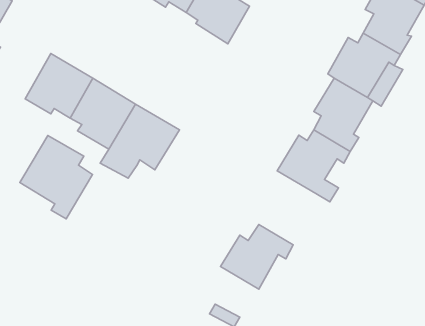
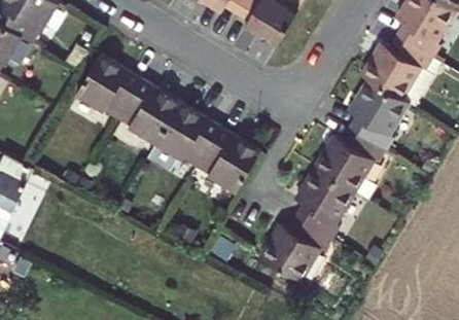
building: none -> [198,127,257,190]
building: [20,136,93,219] -> none
building: none -> [295,166,352,237]

